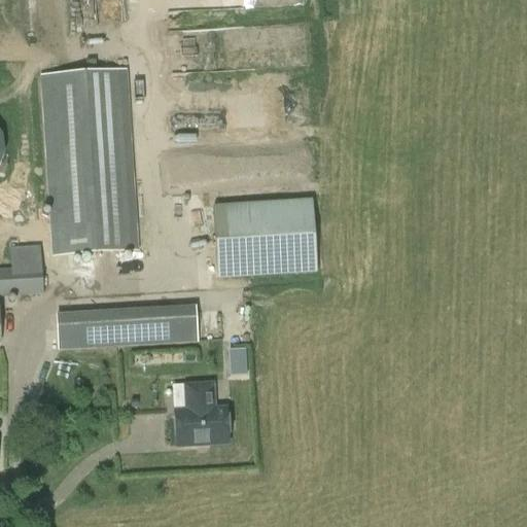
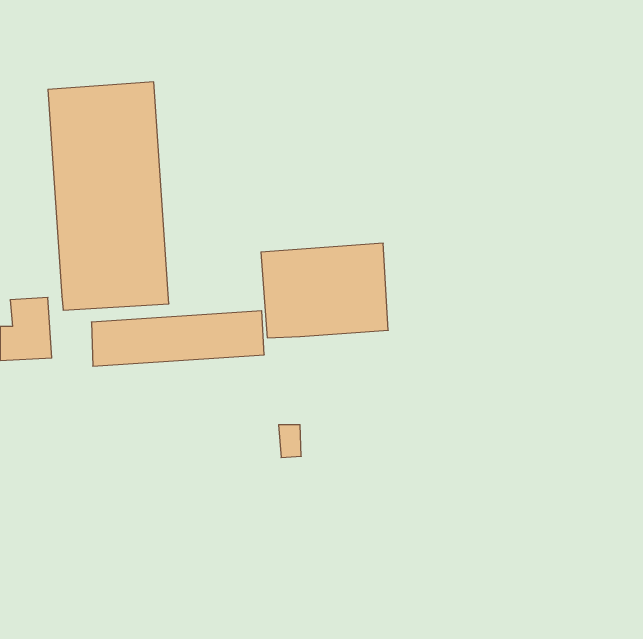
building: [57,303,198,348] -> [91,311,264,366]
building: [173,379,230,446] -> none

